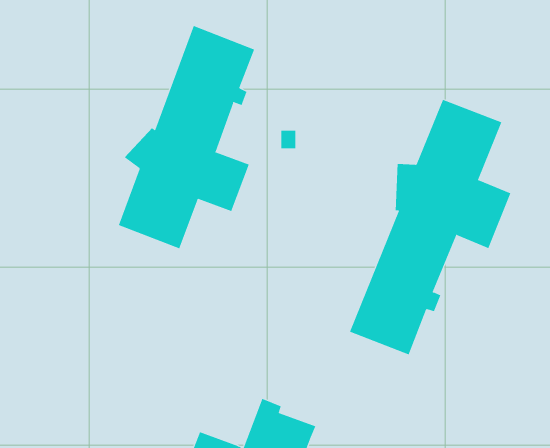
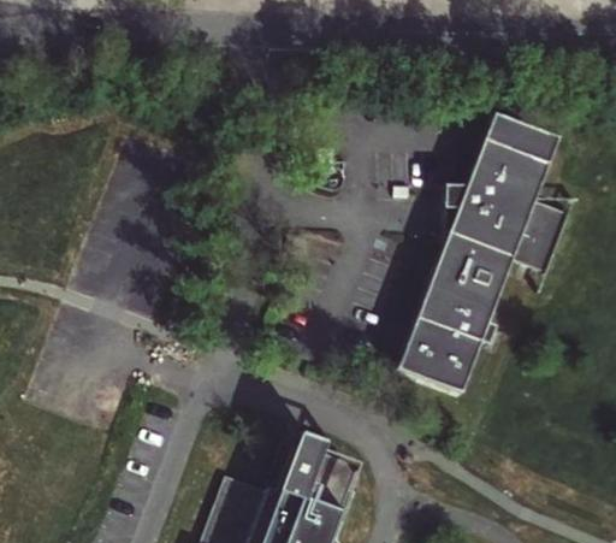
building: [118,25,255,249] -> none

